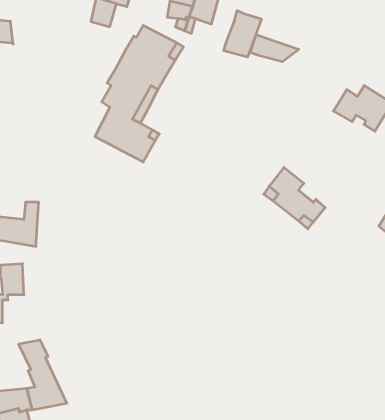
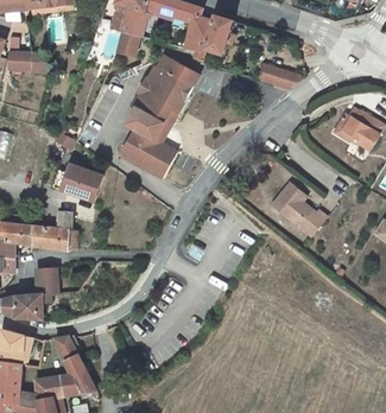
building: [224,11,261,57] -> none
building: none -> [52,165,102,202]

